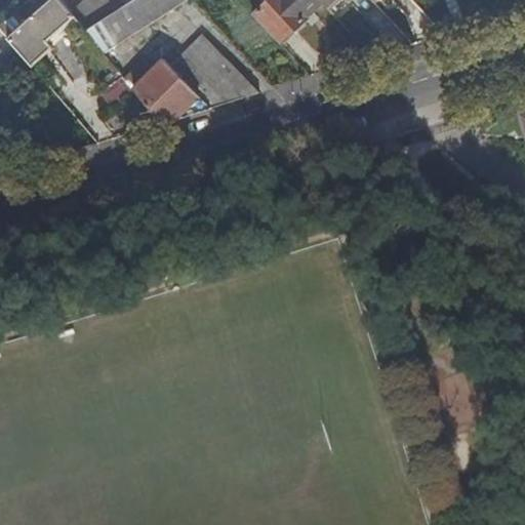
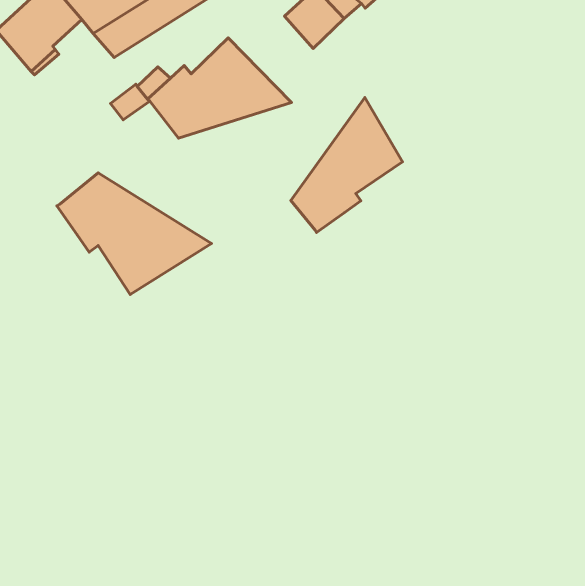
building: none -> [291,97,403,233]
building: none -> [57,173,212,294]

